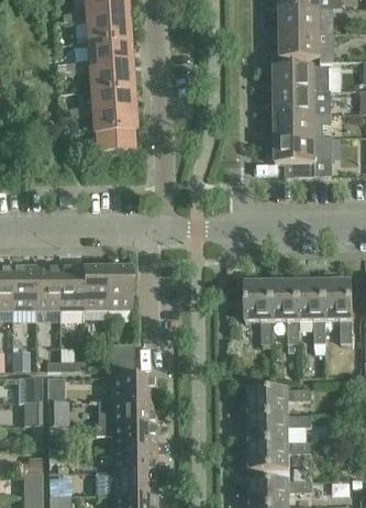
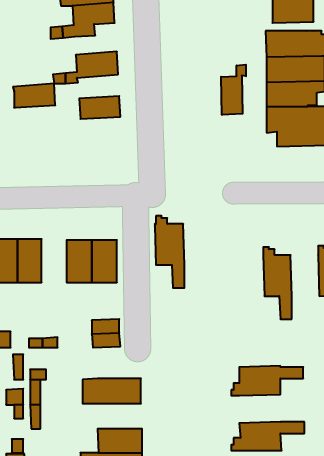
building: [90,57,131,88] -> none
building: none -> [221,65,246,115]
building: [92,107,133,130] -> [13,84,55,108]
building: [58,265,82,320] -> none
building: [298,272,325,342] -> none
building: [244,273,273,342] -> [155,216,184,288]
building: [112,375,154,399] -> none
building: [241,415,310,442] -> none
building: [95,423,155,448] -> none

